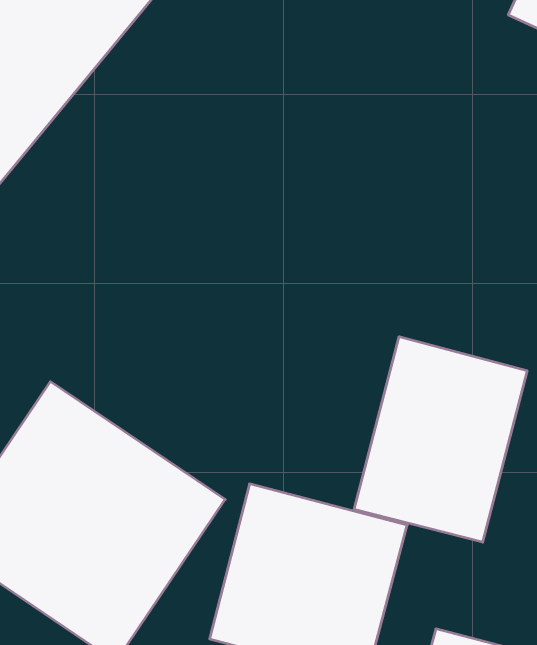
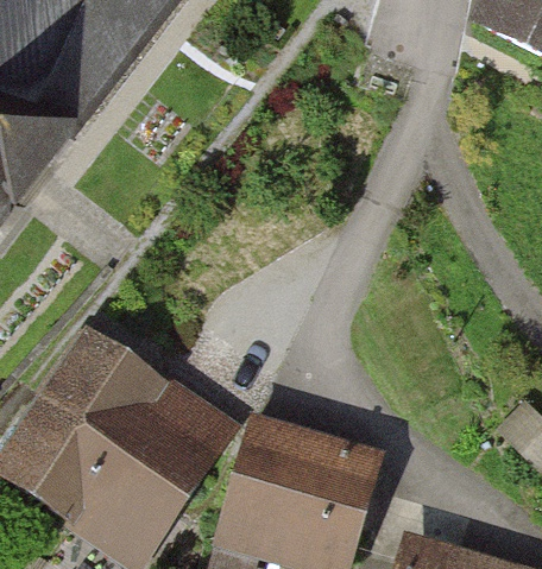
building: [354,337,527,542] -> none

